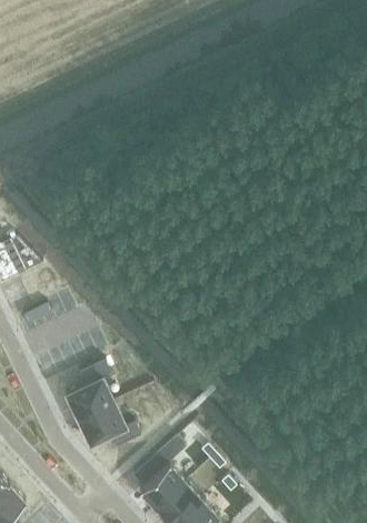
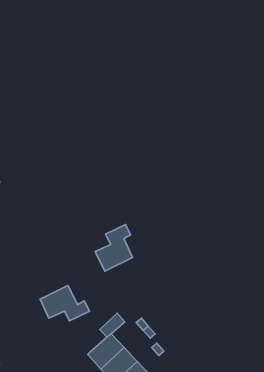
building: [65,360,112,420] -> [95,225,132,271]

